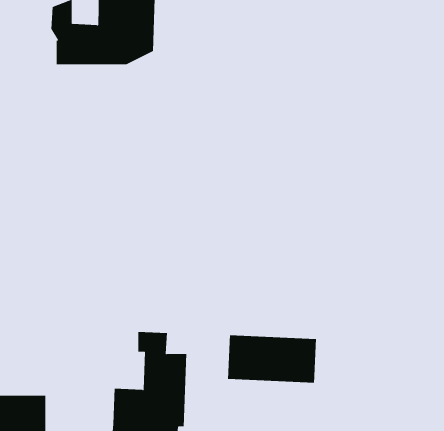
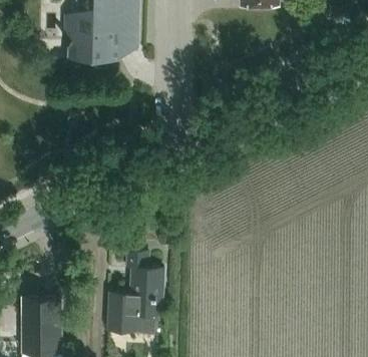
building: [228,335,316,383] -> none

